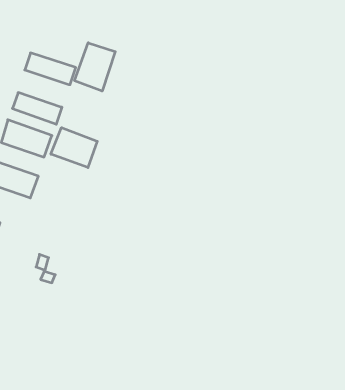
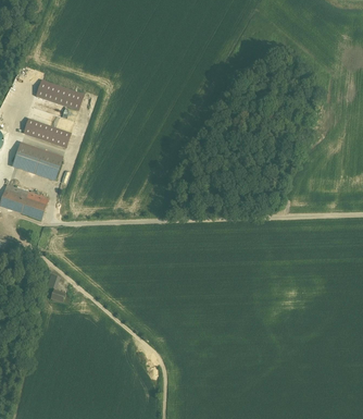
building: [75,43,115,91] -> none
building: [51,128,97,168] -> none

